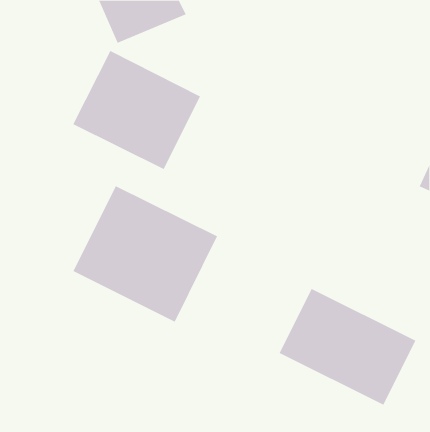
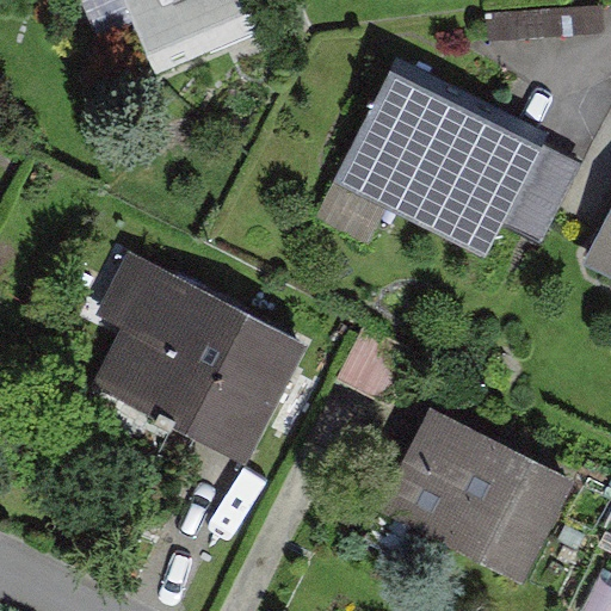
building: none -> [307,68,574,258]
building: [73,50,201,170] -> none

